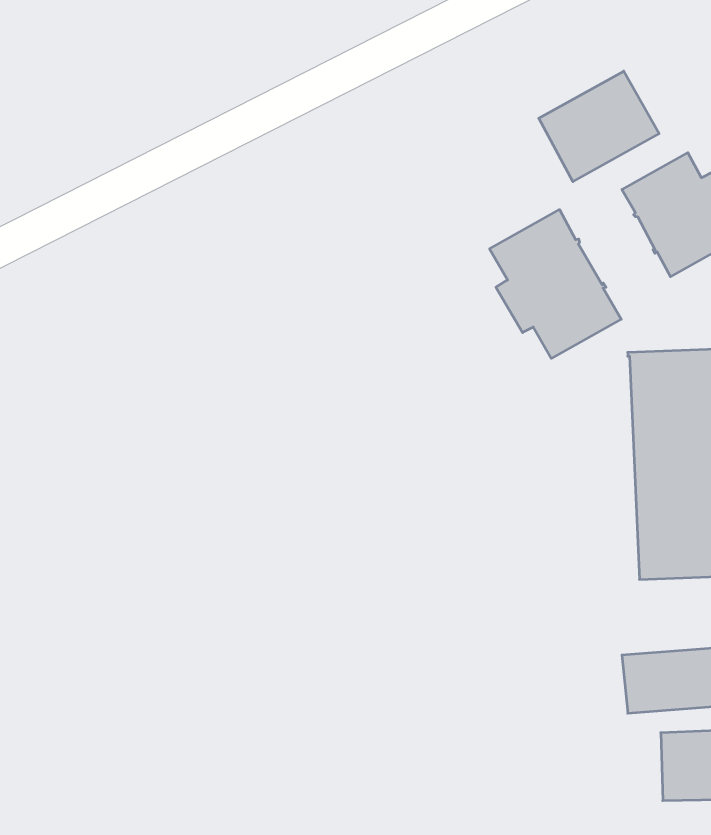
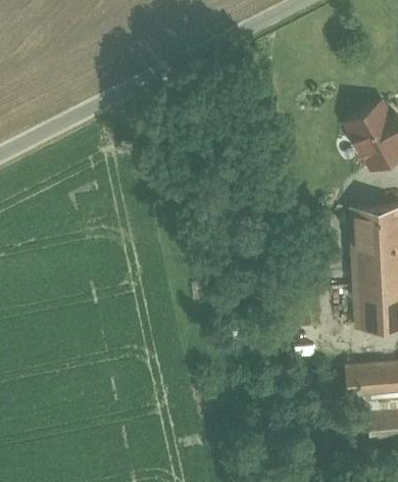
building: [539,71,659,182] -> none
building: [490,210,621,358] -> none

